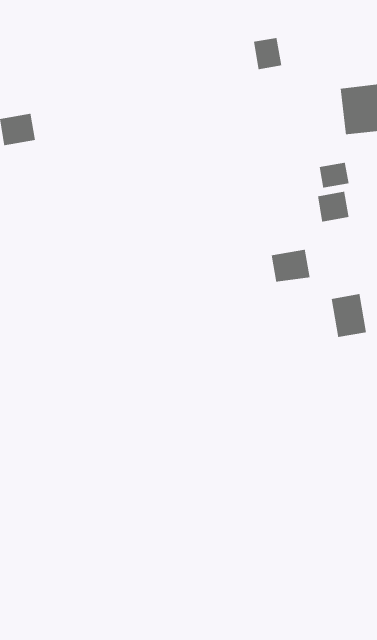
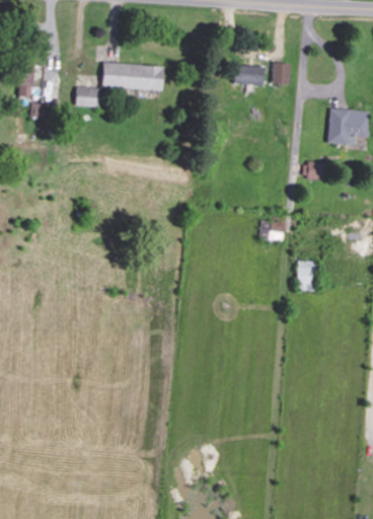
building: none -> [233,66,265,85]
building: none -> [102,63,164,90]
building: [317,191,349,222] -> none

